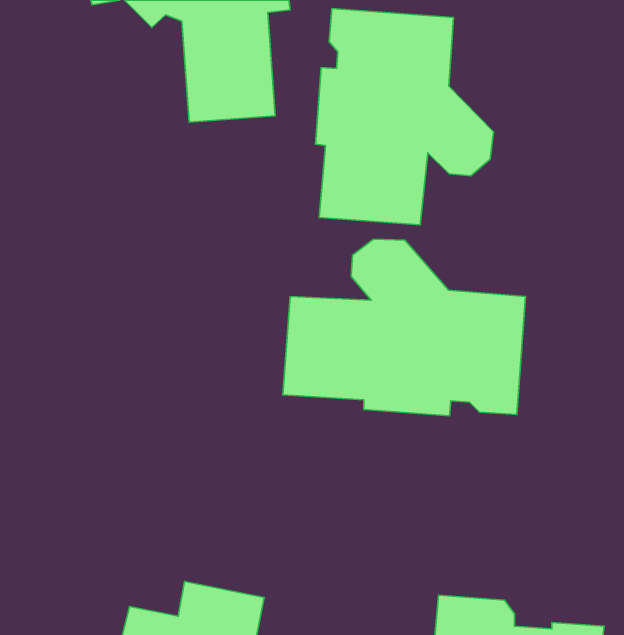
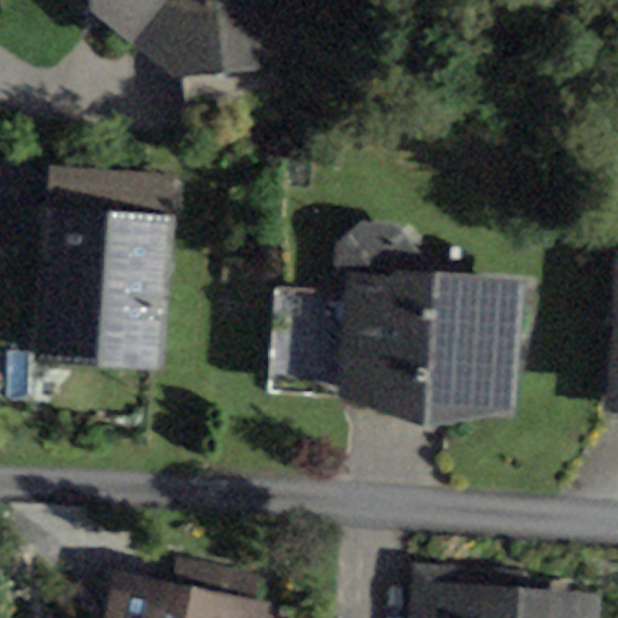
building: [315,8,493,225] -> none
building: none -> [59,168,176,357]

